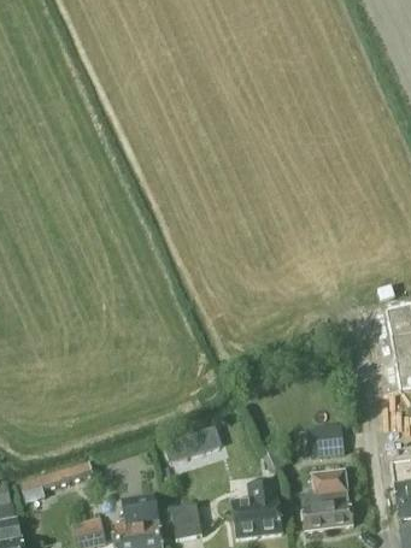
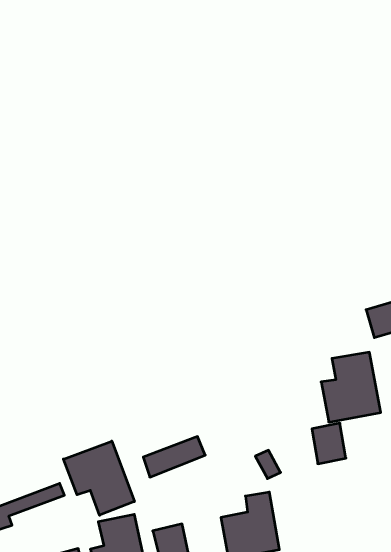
building: none -> [63,441,134,515]
building: [299,467,351,528] -> [321,352,381,422]

